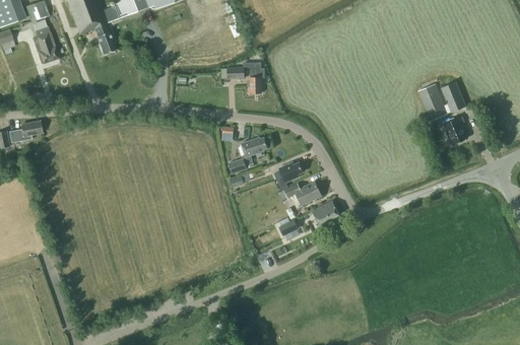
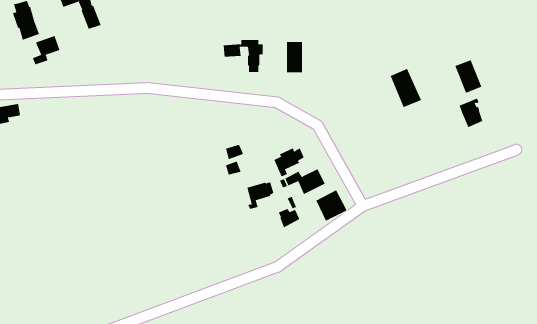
building: none -> [32,35,60,65]
building: none -> [287,41,302,73]
building: [417,84,447,121] -> [390,68,422,108]
building: [241,138,266,163] -> [247,182,274,209]

